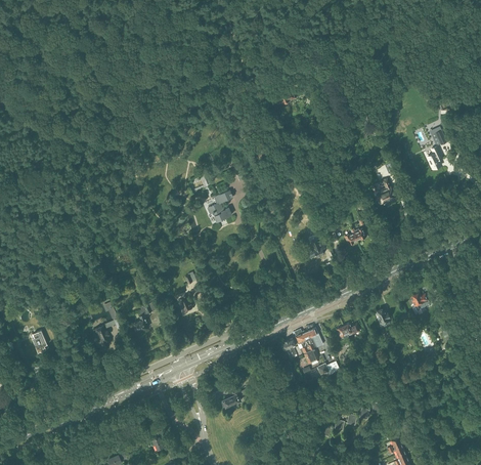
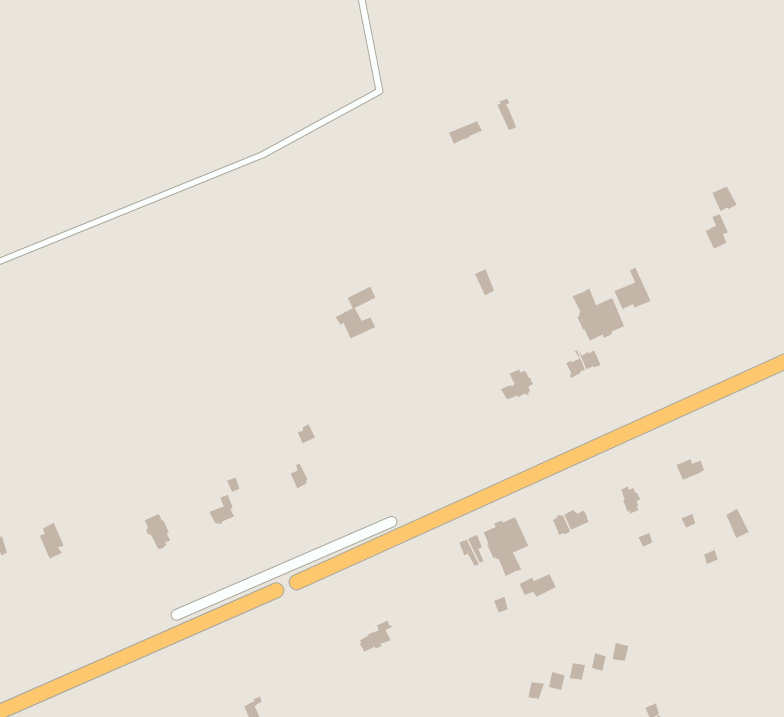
building: none -> [572,287,625,341]

